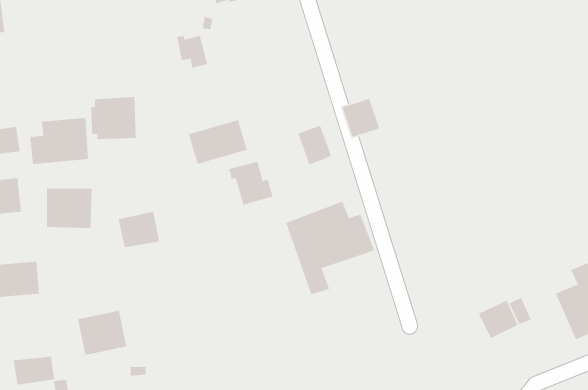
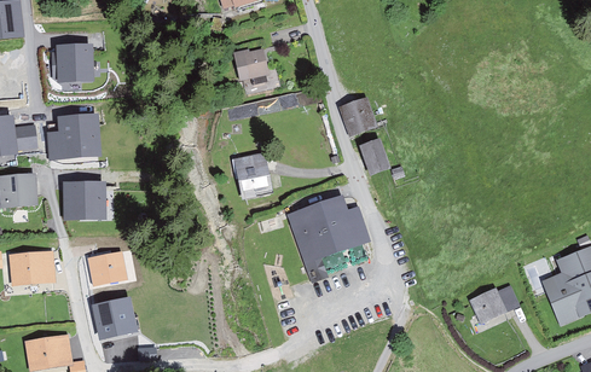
building: [176,35,208,68] -> [237,51,267,82]
building: [90,96,136,140] -> [51,41,94,82]
building: [188,119,248,165] -> none
building: [297,124,332,165] -> [358,136,390,175]
building: [118,211,160,248] -> [87,250,127,285]

